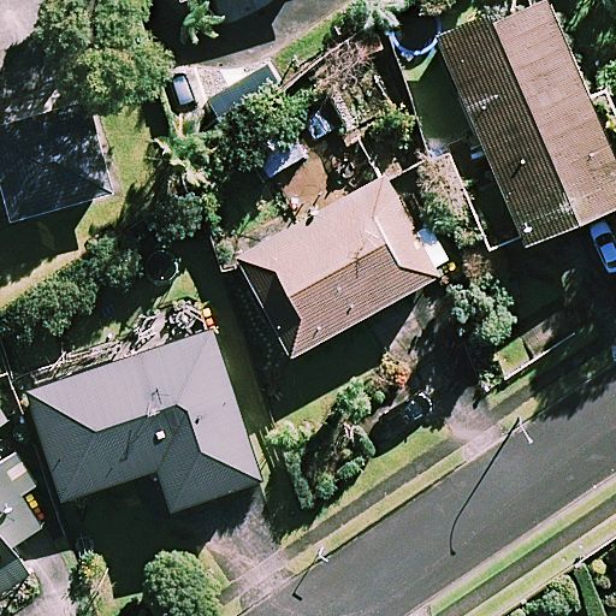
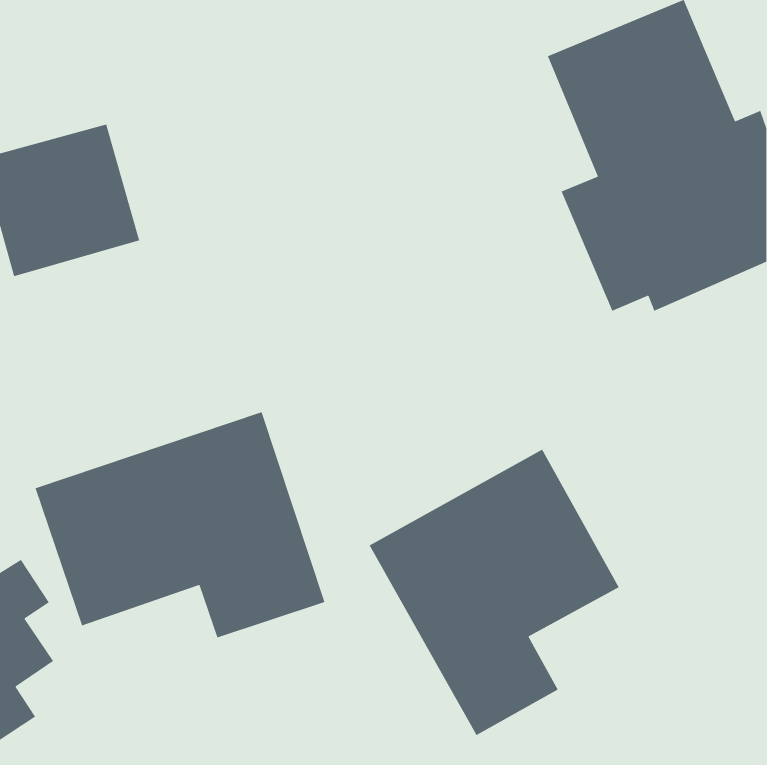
building: [236,176,452,357] -> none
building: none -> [369,449,620,736]

